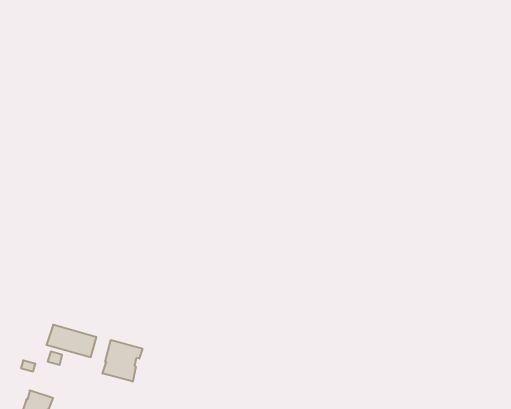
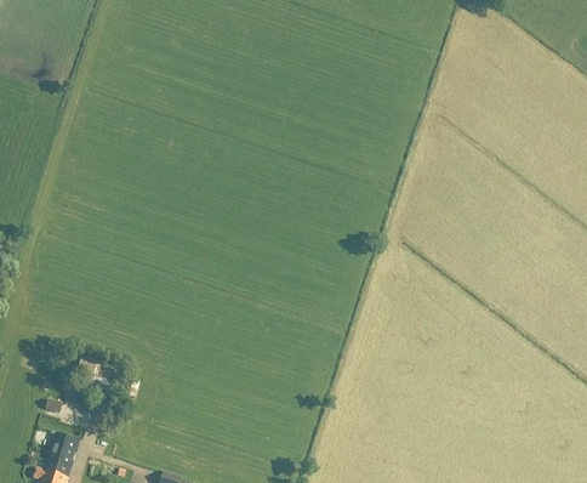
building: [102,340,142,382] -> none

